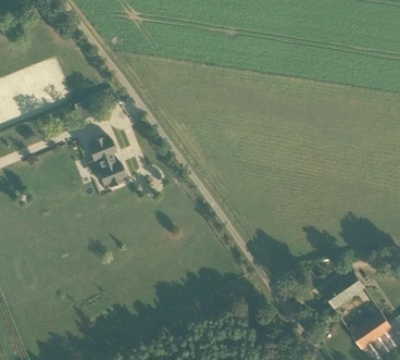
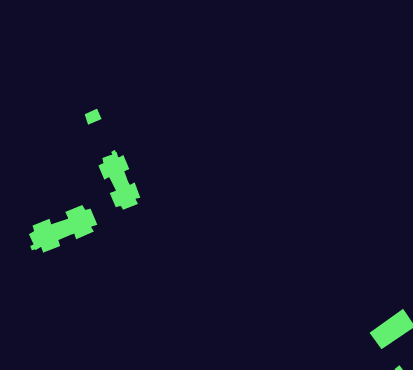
building: none -> [28,204,98,254]

